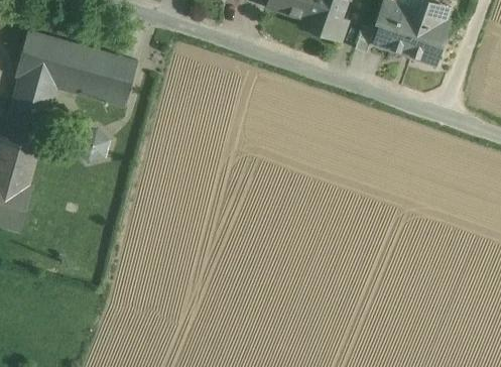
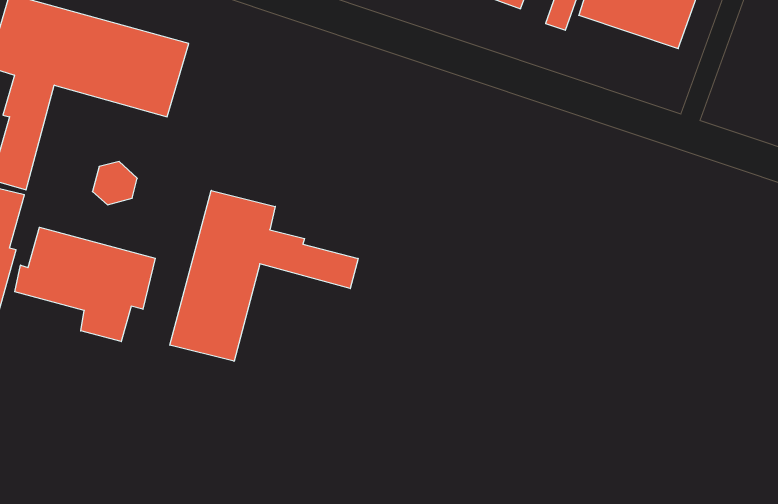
building: none -> [170,190,358,361]
building: none -> [15,227,155,342]

